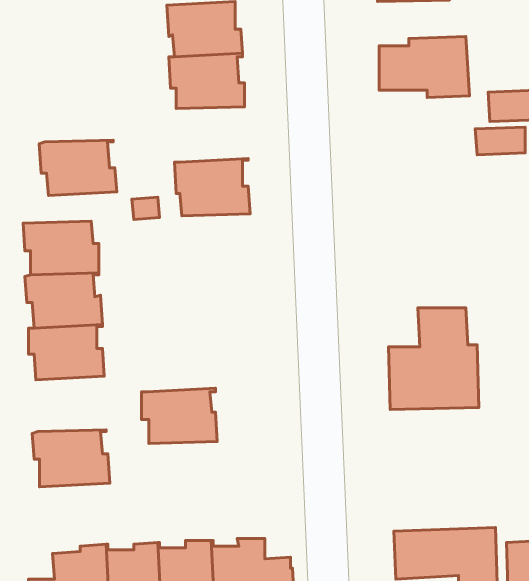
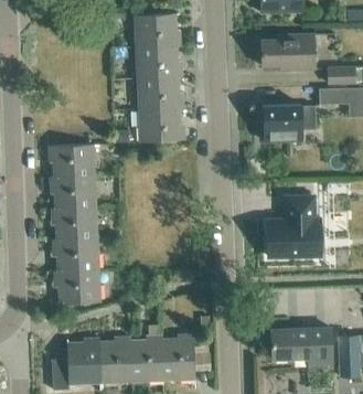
building: [39,140,117,195] -> [137,76,183,109]
building: none -> [263,105,316,142]
building: [142,388,217,443] -> [53,237,98,270]

